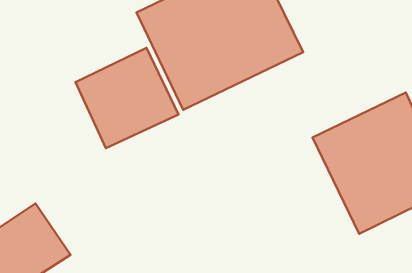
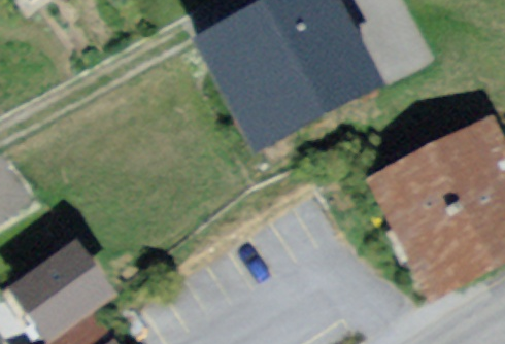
building: [75,48,179,148] -> none

